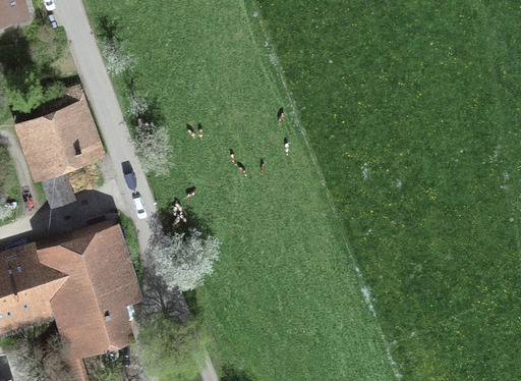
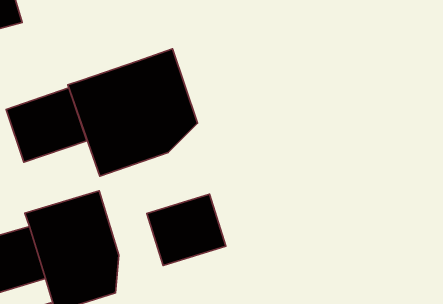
building: none -> [68,49,198,176]
building: none -> [147,194,226,265]

